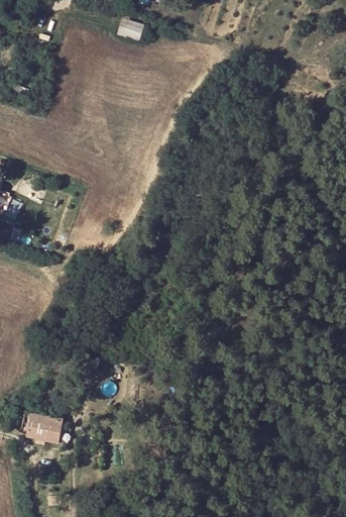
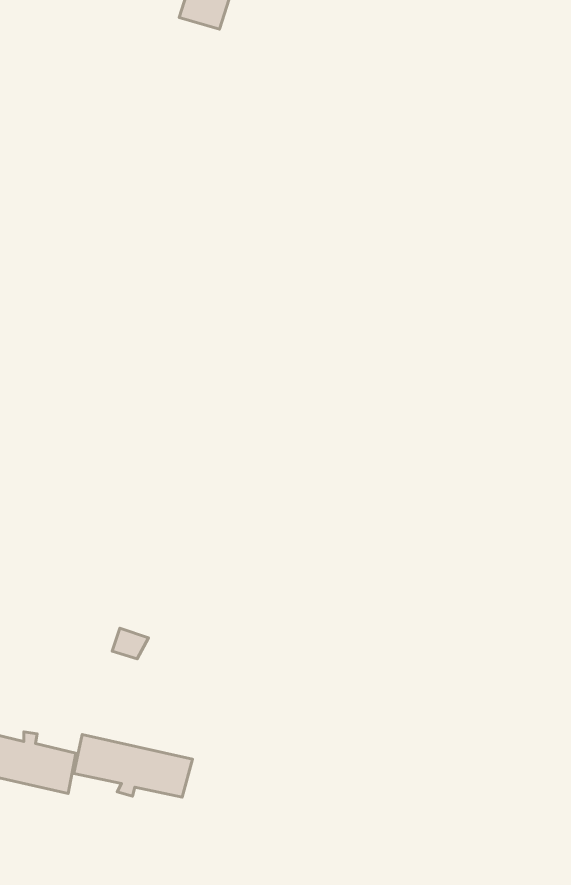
building: none -> [74,735,192,797]

